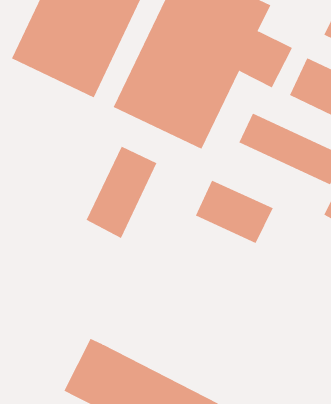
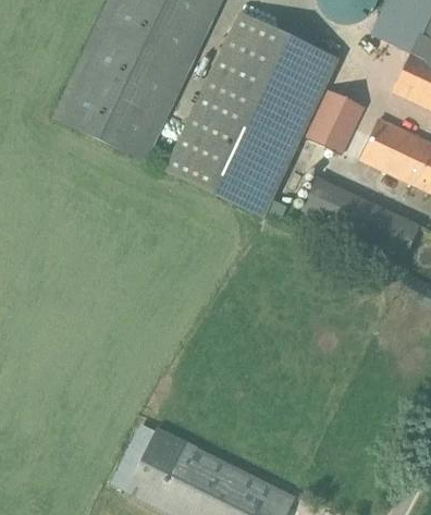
building: [86,146,157,239] -> none
building: [195,180,274,244] -> none

